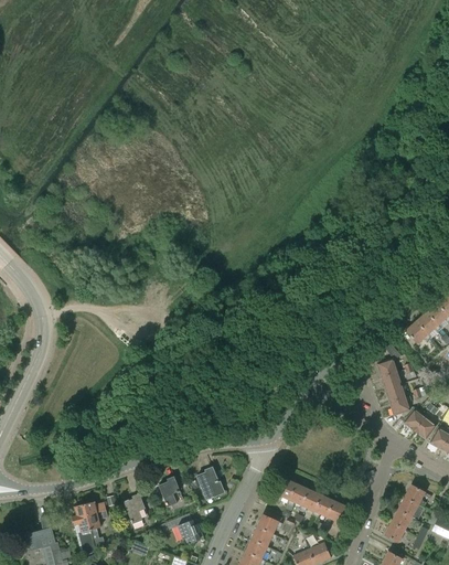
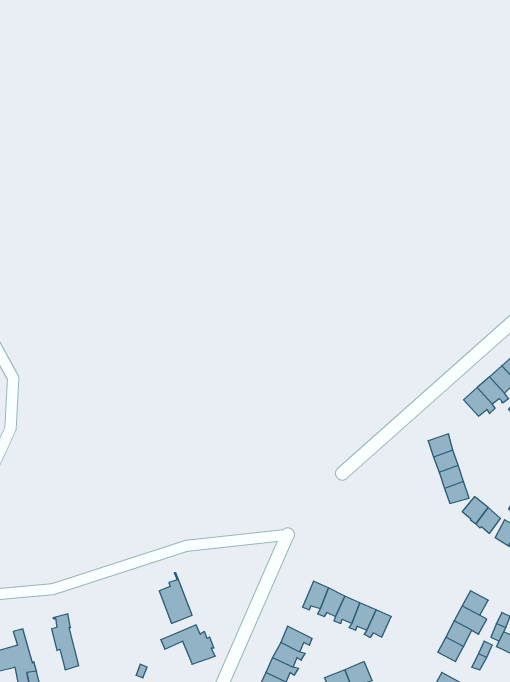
building: [196,467,224,501] -> none
building: [124,492,149,524] -> none
building: [85,501,108,545] -> none

